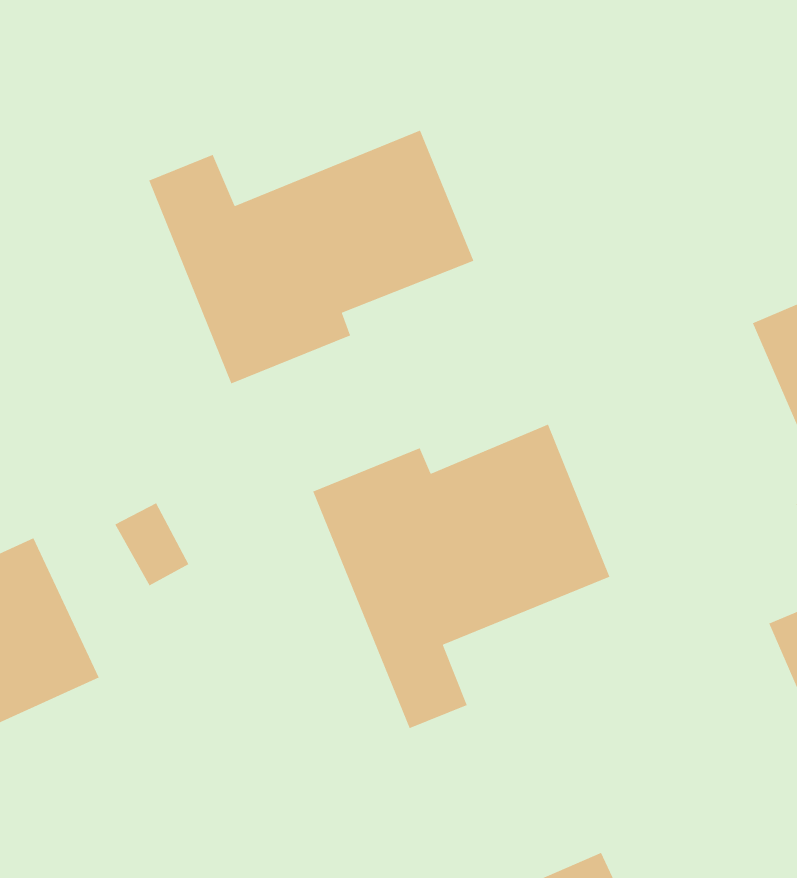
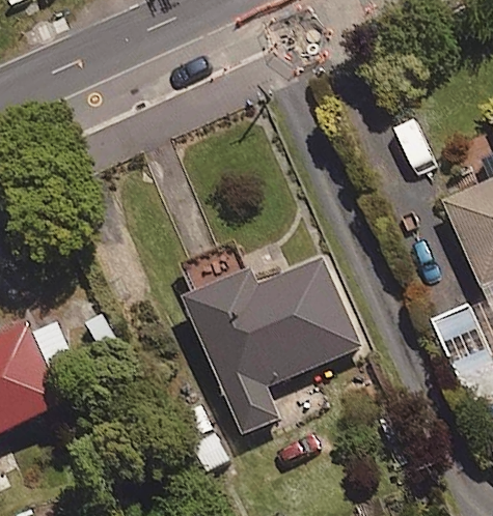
building: [148,130,475,385] -> none

